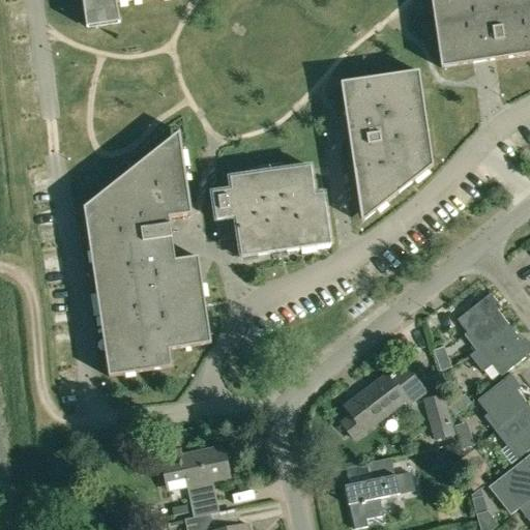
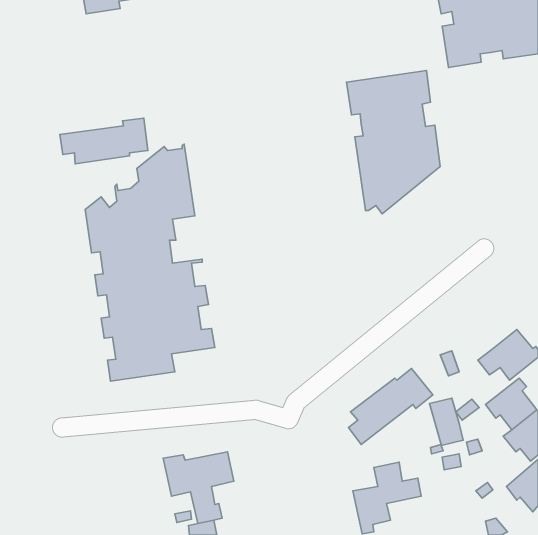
building: none -> [60,118,148,164]
building: [211,165,331,256] -> none
building: [458,292,508,344] -> none

